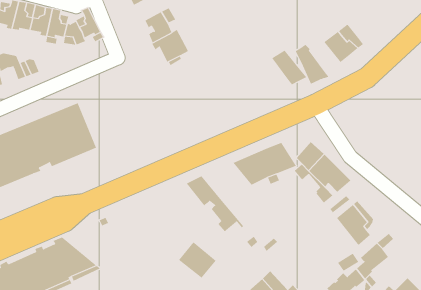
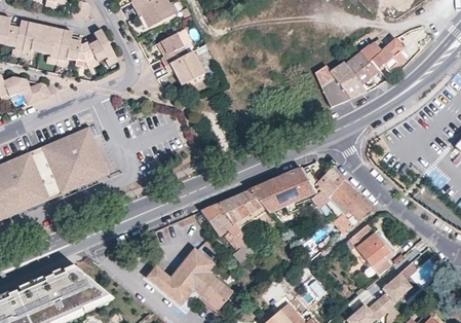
building: none -> [369,39,409,72]
building: [272,50,307,85] -> [329,63,366,100]
building: none -> [217,189,276,229]
building: none -> [145,248,213,306]

